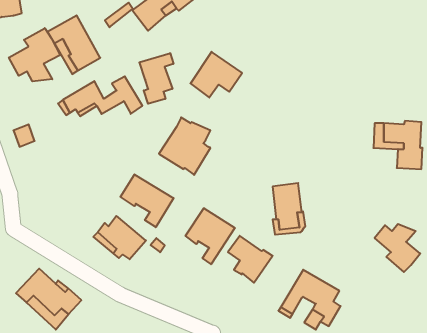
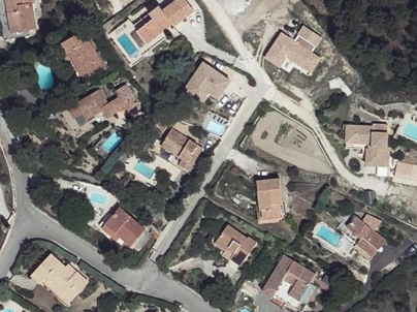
building: none -> [263,26,321,72]
building: [9,28,60,81] -> none
building: [139,53,173,104] -> none
building: [120,174,174,227] -> none
building: [186,208,235,264] -> none

